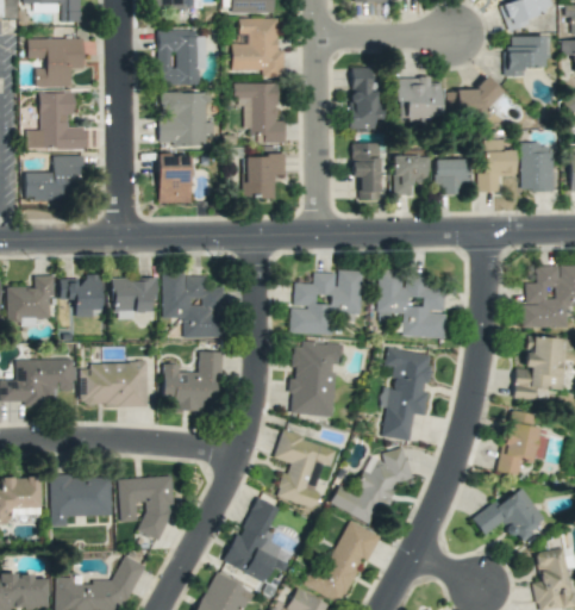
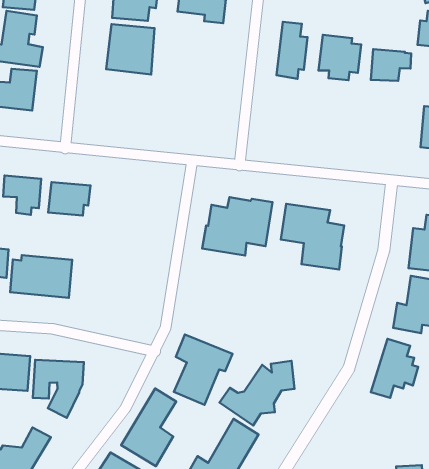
building: [233,82,286,143] -> none
building: [477,139,515,192] -> none
building: [351,143,381,200] -> none
building: [158,154,192,204] -> none
building: [244,155,286,198] -> none
building: [393,155,429,195] -> none
building: [435,158,469,194] -> none
building: [162,273,224,338] -> none
building: [290,342,342,416] -> none
building: [381,348,432,441] -> none
building: [163,351,221,411] -> none
building: [474,486,546,541] -> none

